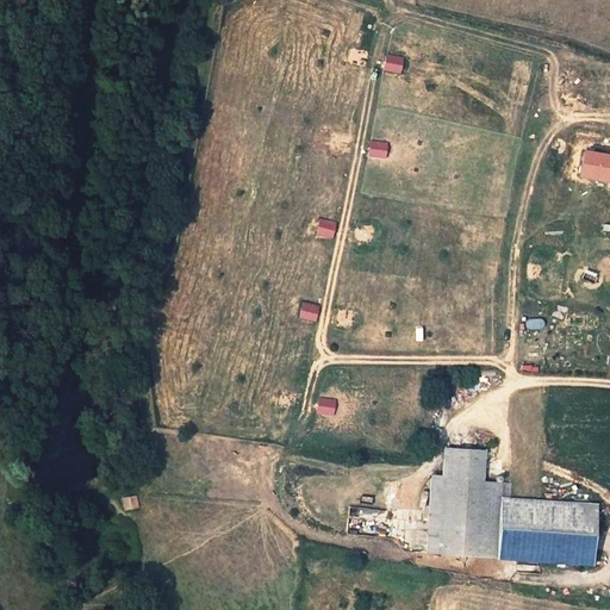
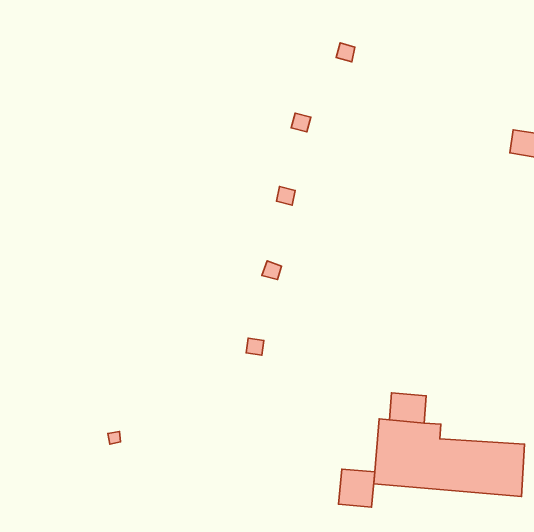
building: none -> [339,469,375,507]

